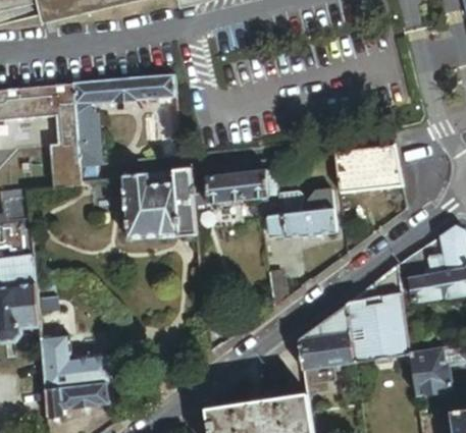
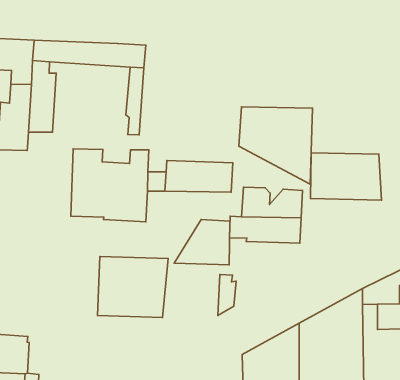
building: none -> [239,107,313,184]
building: none -> [174,220,230,265]
building: none -> [98,257,168,318]

